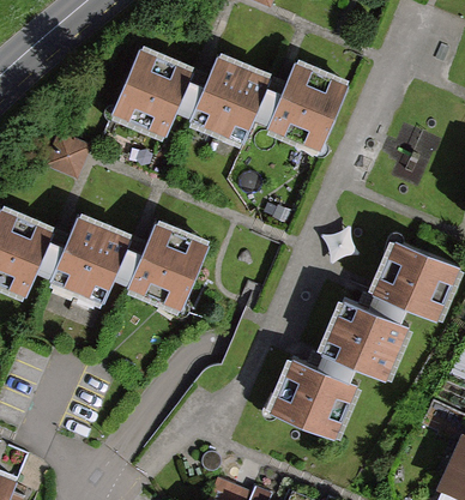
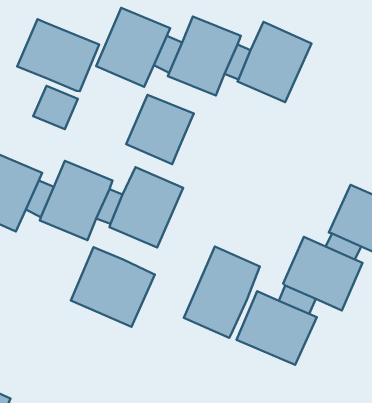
building: none -> [17,19,99,91]
building: none -> [126,95,194,164]
building: none -> [184,247,260,338]
building: none -> [71,247,155,327]

